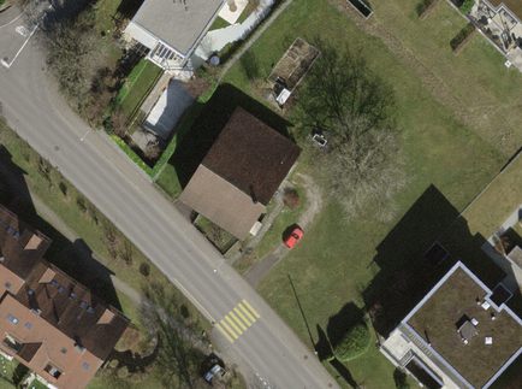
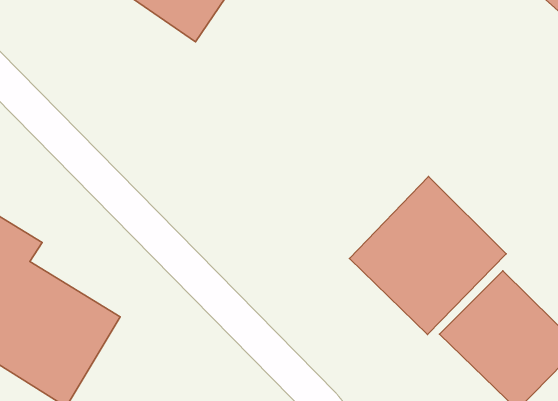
building: [185,116,297,235] -> none
building: none -> [350,177,506,334]

